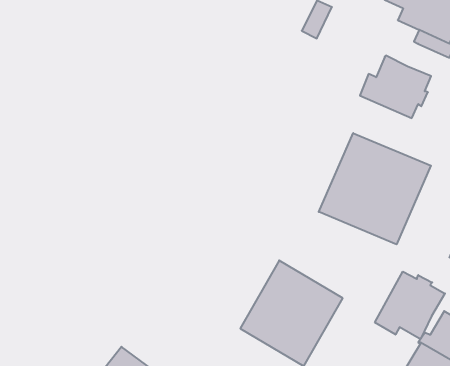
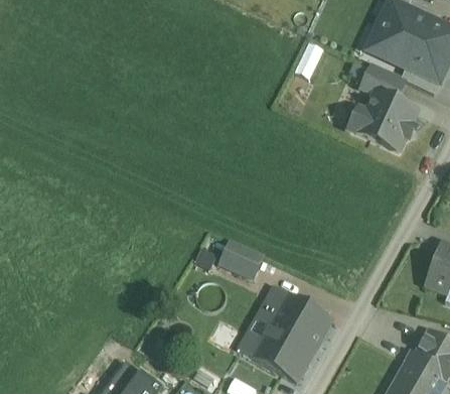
building: none -> [361,64,405,101]
building: [319,133,431,244] -> none
building: none -> [216,235,265,279]
building: [375,272,445,339] -> none

